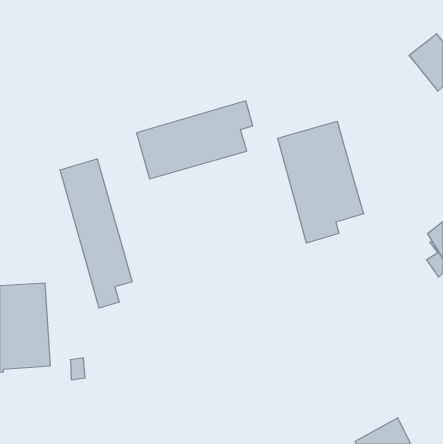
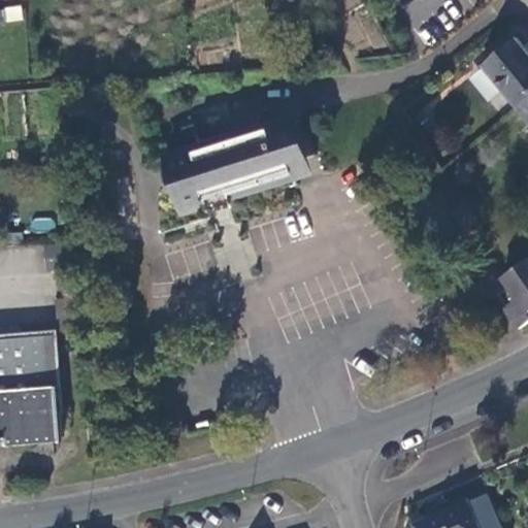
building: [278,121,364,243] -> none
building: [60,159,132,308] -> none

